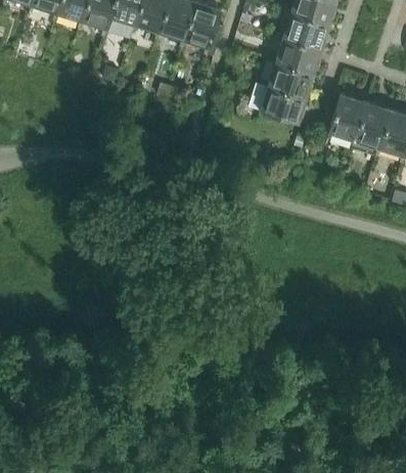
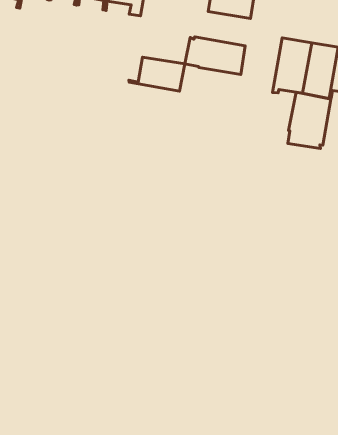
building: [261,61,314,97] -> [129,57,185,91]
building: none -> [288,92,331,149]

